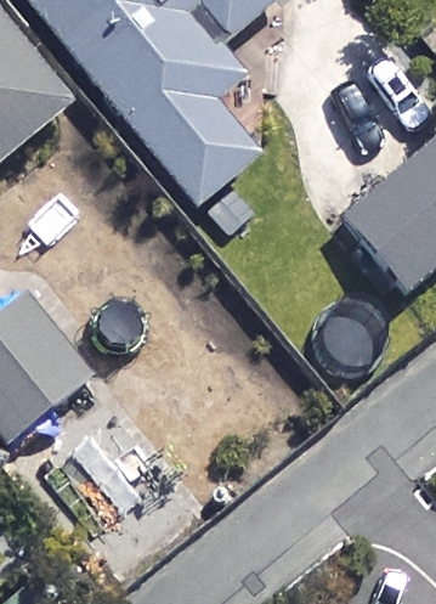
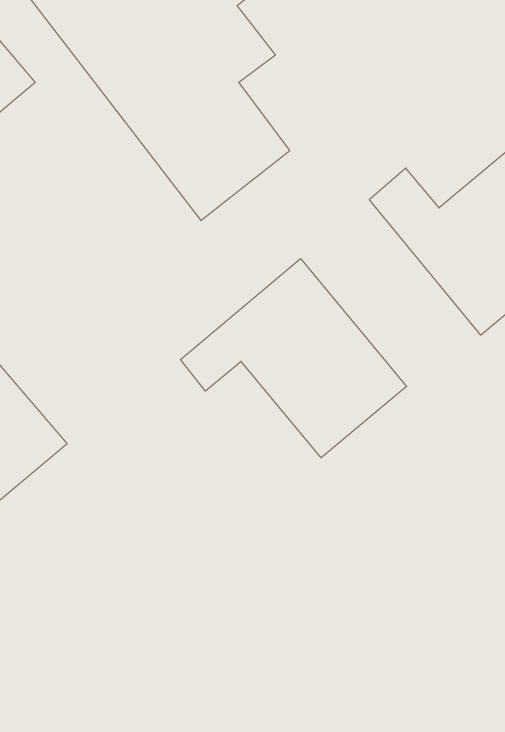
building: none -> [181,259,407,458]

